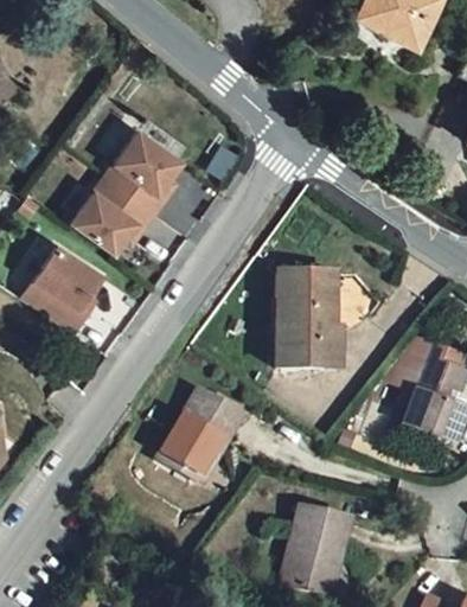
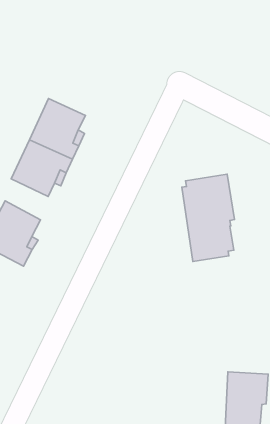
building: [160,390,244,481] -> none

